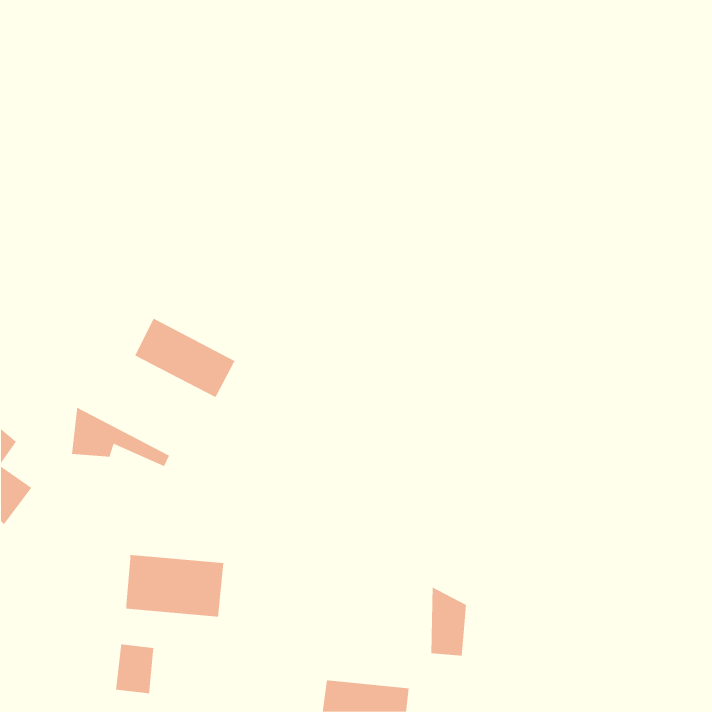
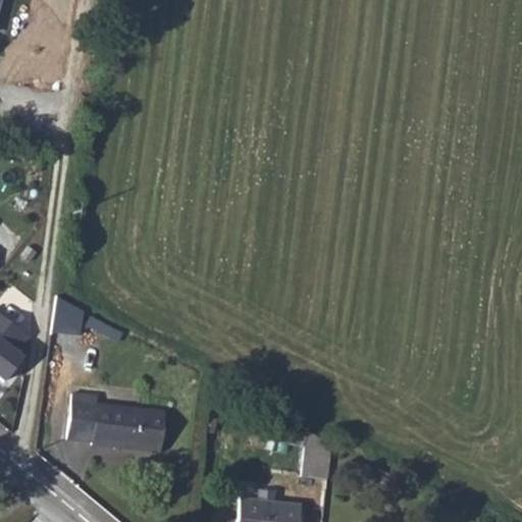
building: [135,318,235,398] -> none
building: [115,644,154,694] -> [66,406,95,442]

